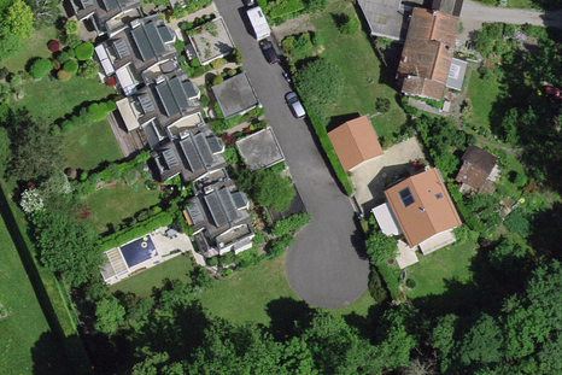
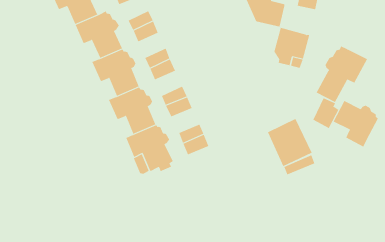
building: [409,10,455,52] -> none
building: none -> [316,46,368,103]
building: [326,117,382,172] -> none
building: none -> [333,100,379,148]

